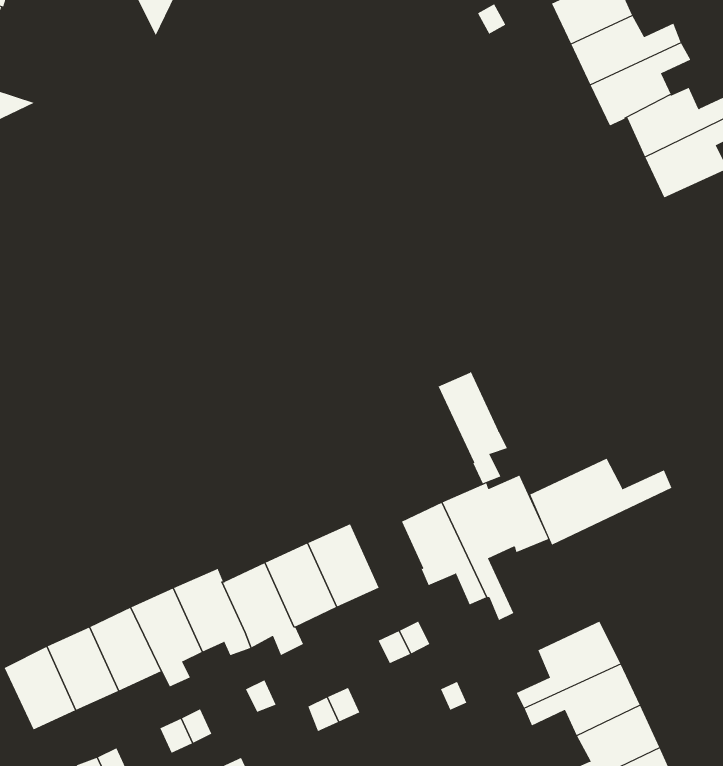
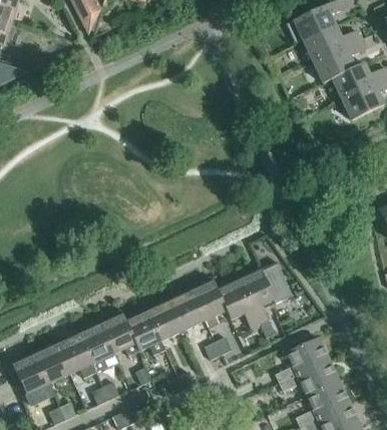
building: [438,371,508,484] -> none
building: [529,458,672,546] -> none
building: none -> [190,278,228,321]

